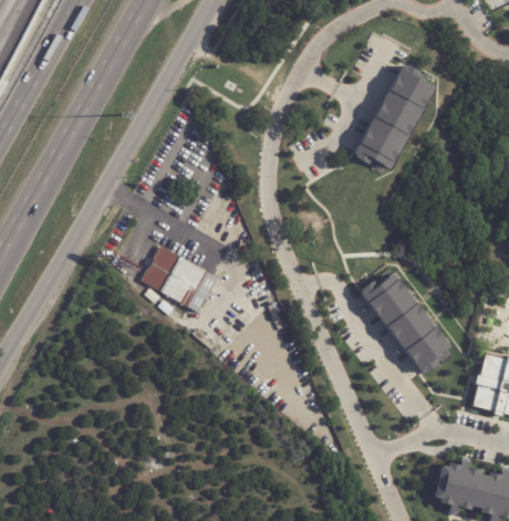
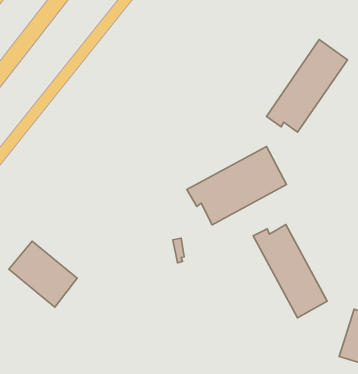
building: none -> [187,146,286,225]
building: [145,247,221,315] -> [9,241,77,307]

